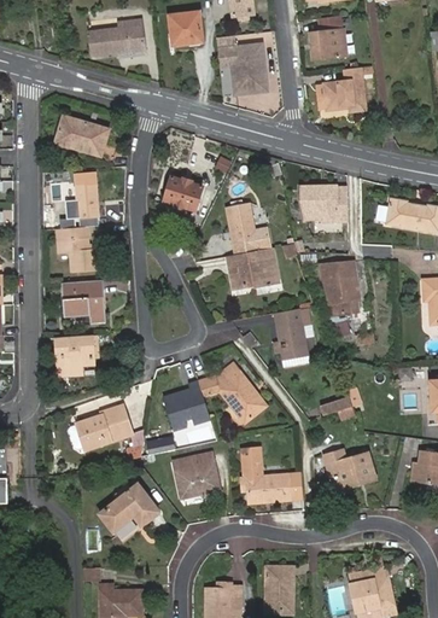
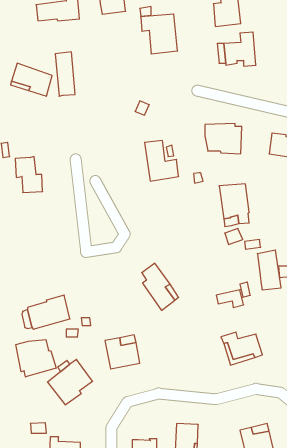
building: [74,171,99,228] -> [55,52,75,96]
building: [163,177,200,210] -> none
building: [224,251,275,290] -> none
building: [59,274,101,317] -> none
building: [284,311,314,362] -> [257,250,281,290]
building: [54,332,95,369] -> none
building: [165,380,212,428] -> none
building: [238,445,303,503] -> none
building: none -> [16,340,56,377]

